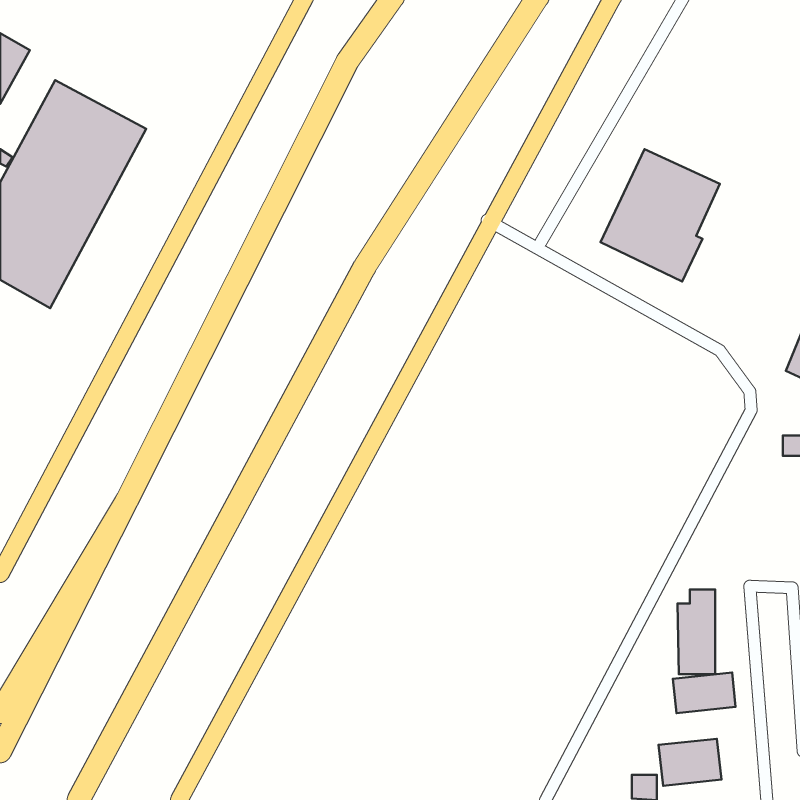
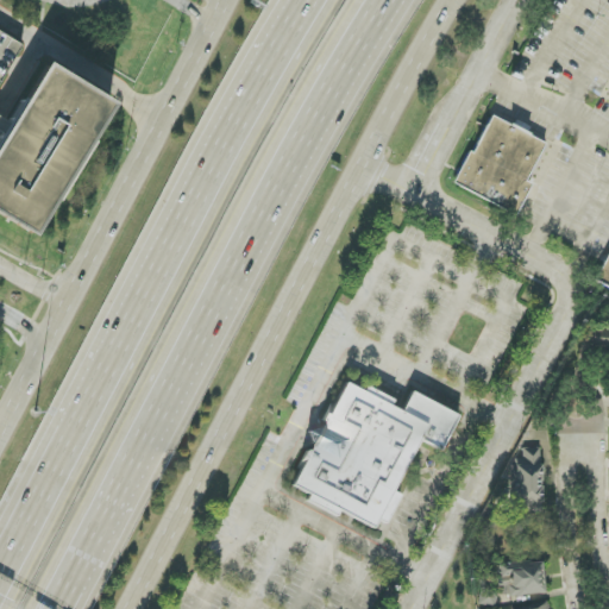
building: none -> [295,379,460,526]
building: [673,672,736,713] -> none

